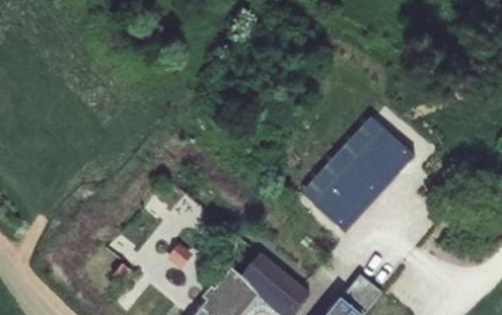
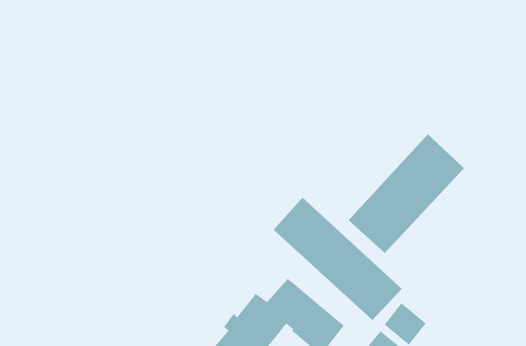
building: none -> [273,197,402,321]

